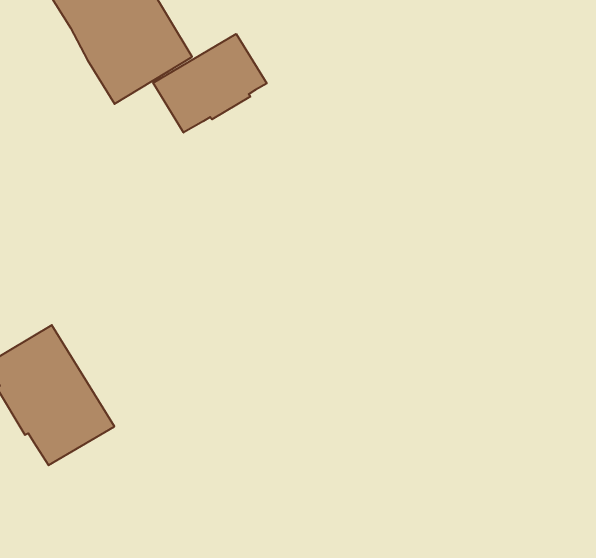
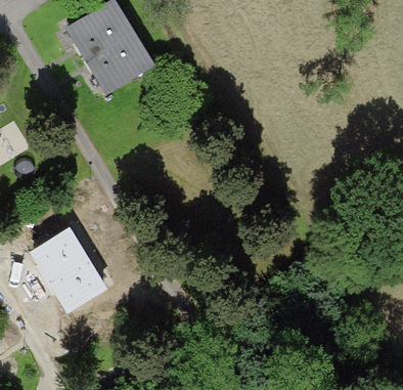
building: [153,34,267,133] -> none

